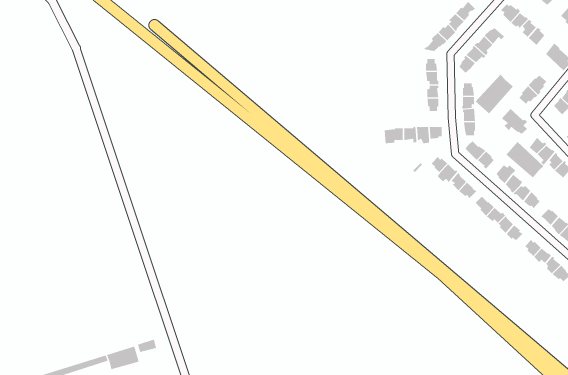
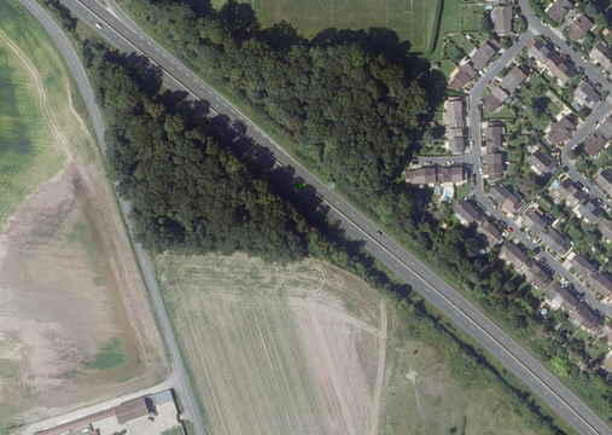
building: [475,74,514,114] -> none
building: [506,141,544,179] -> none

